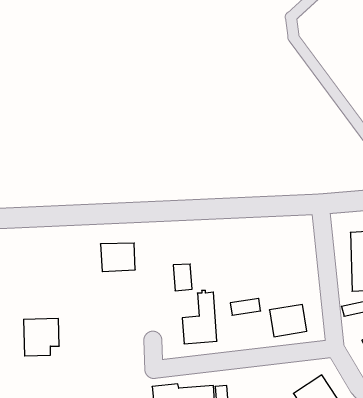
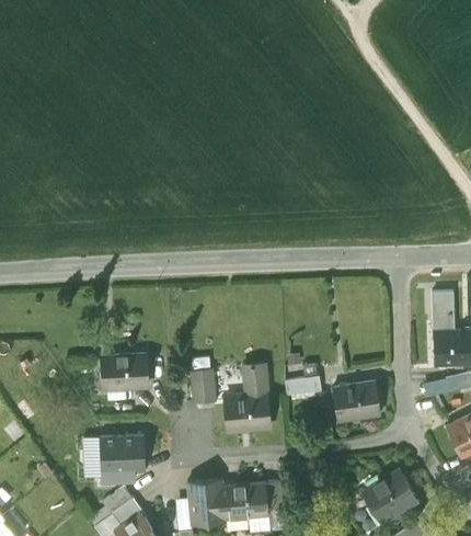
building: [100,243,135,272] -> [103,356,146,391]
building: [173,264,192,291] -> [192,372,215,404]
building: [24,319,59,356] -> [100,437,143,483]

